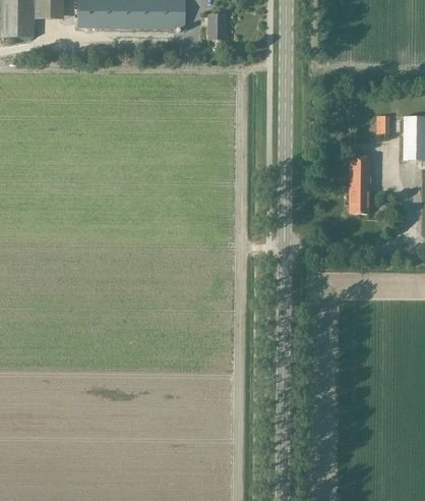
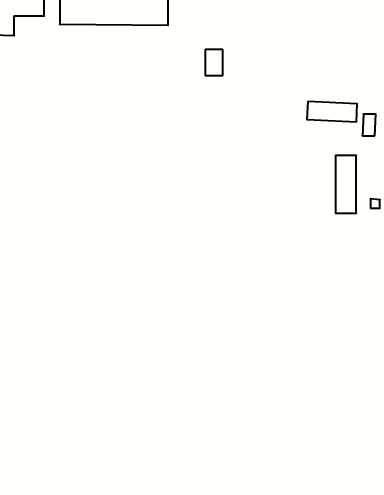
building: [207,14,225,40] -> [205,50,223,75]
building: none -> [307,101,357,122]

